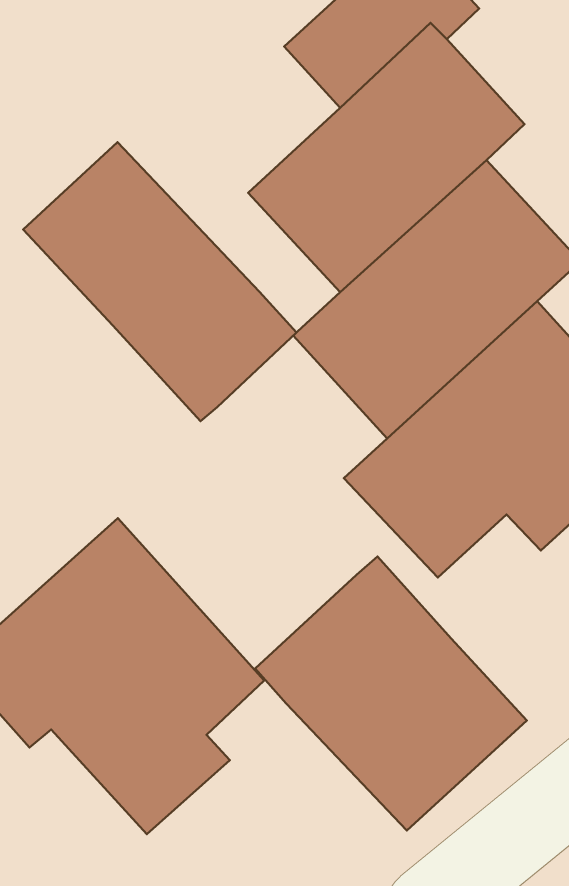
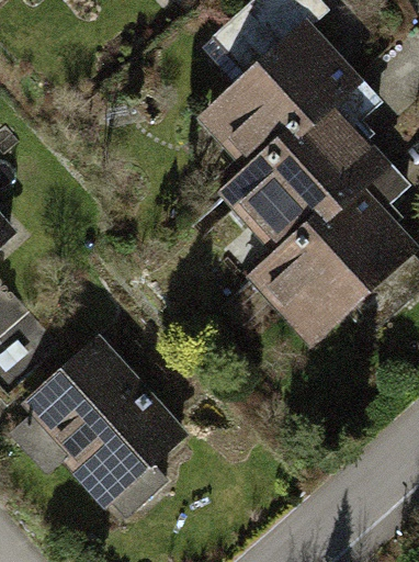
building: [23,142,296,421] -> none
building: [255,557,527,830] -> none

